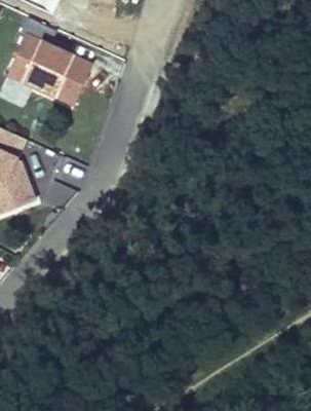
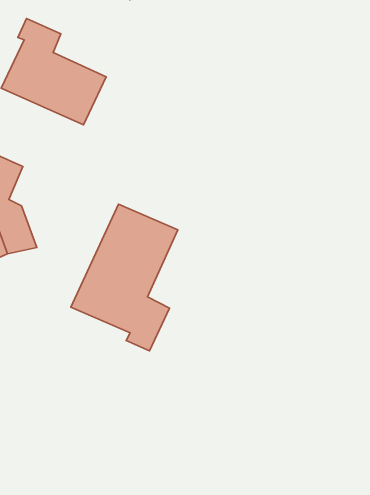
building: none -> [71,204,178,351]

